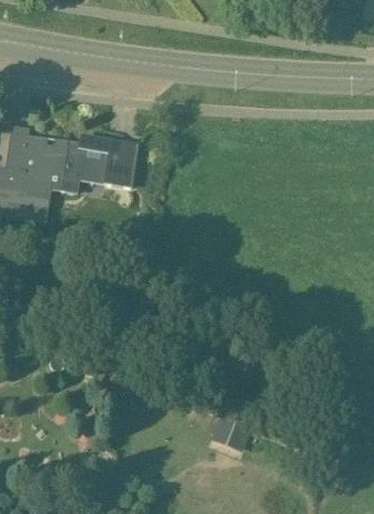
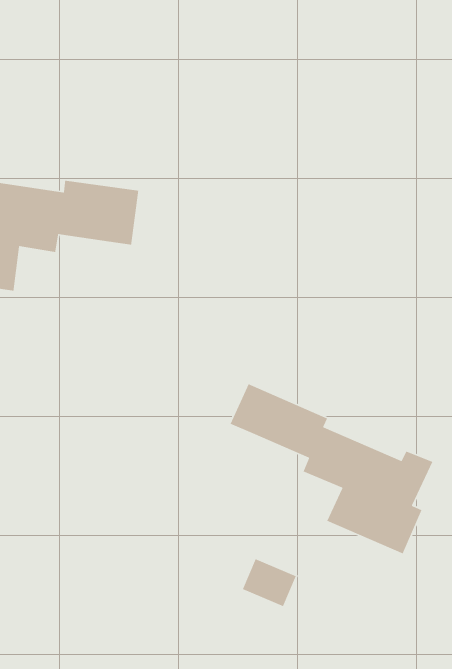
building: none -> [230,383,434,555]

